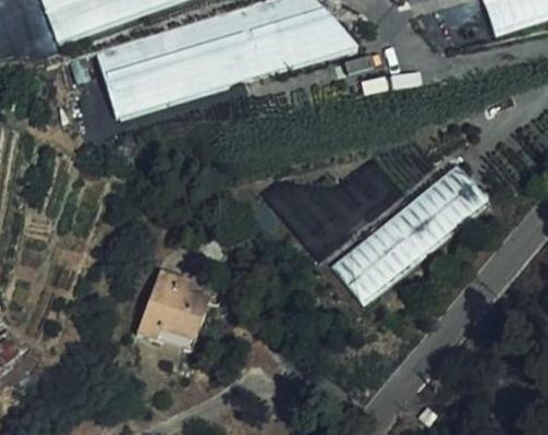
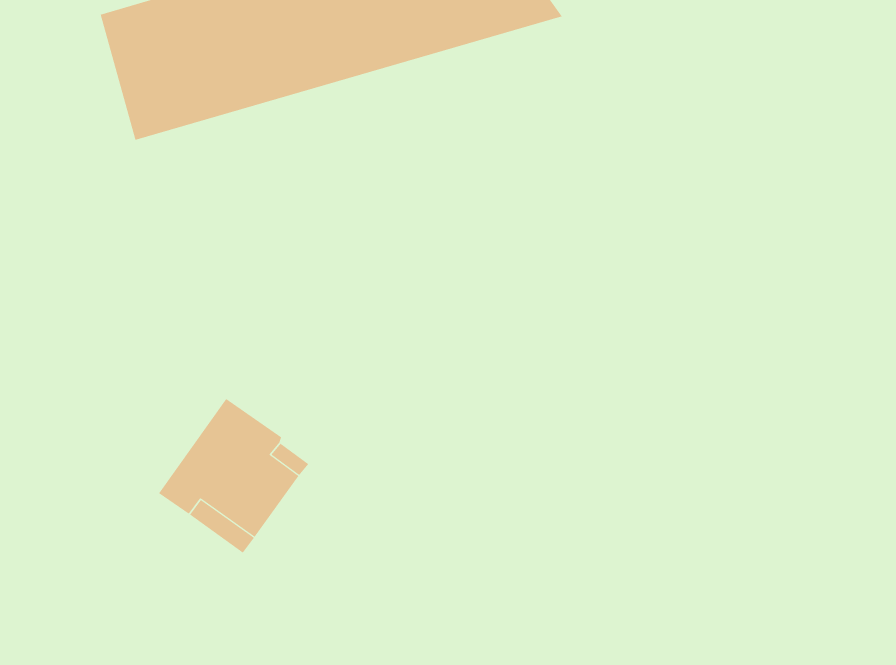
building: [330,164,491,309] -> none

